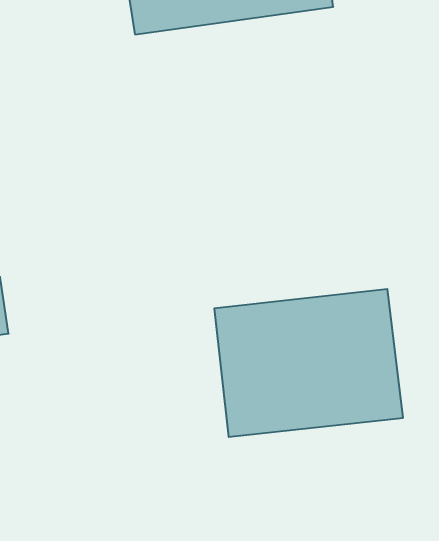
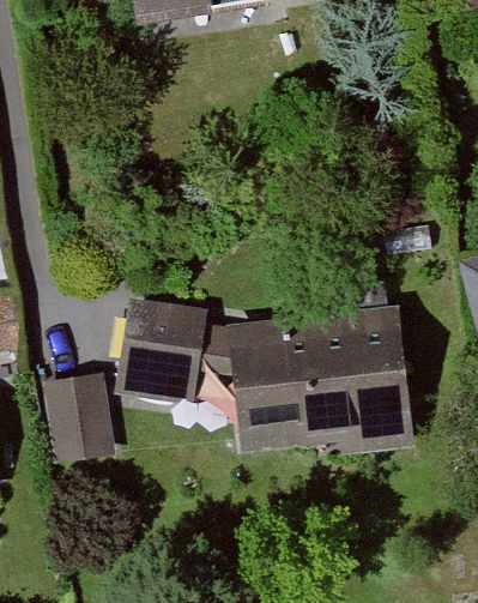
building: none -> [115,297,208,405]
building: none -> [44,375,114,463]

